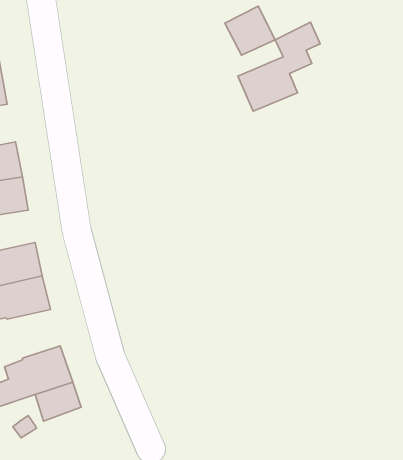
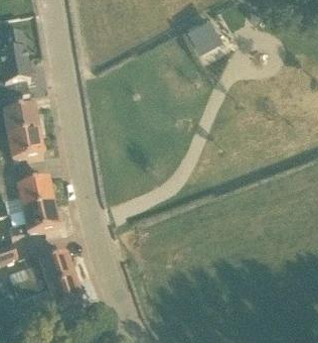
building: [238,22,320,111] -> none

